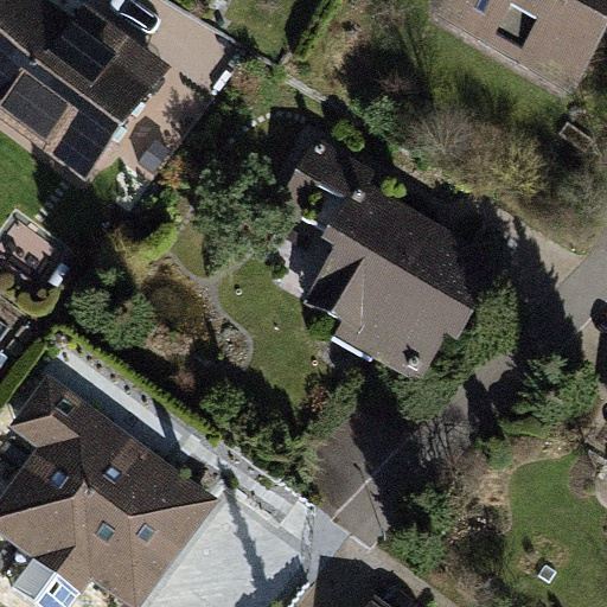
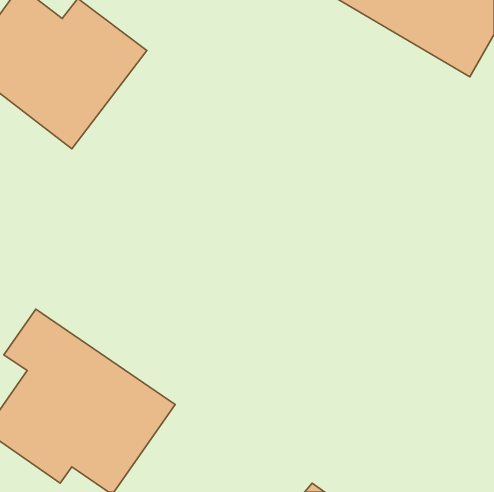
building: [273,145,496,382] -> none

